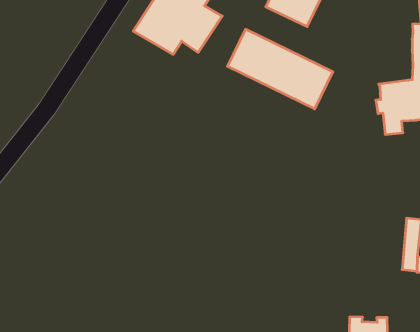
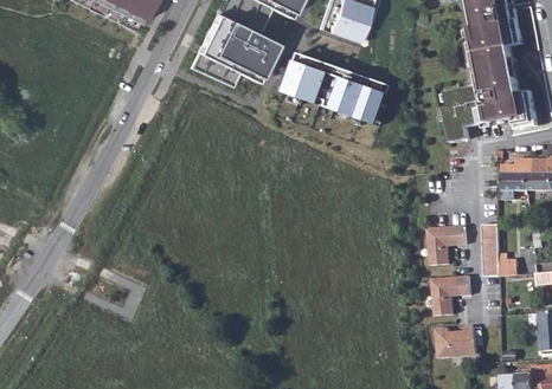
building: none -> [430,225,469,265]
building: none -> [434,275,473,316]

